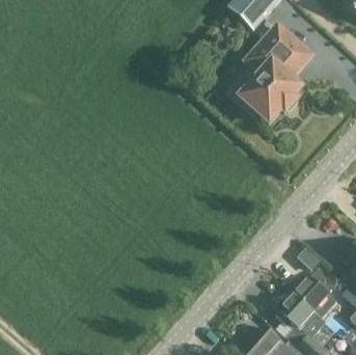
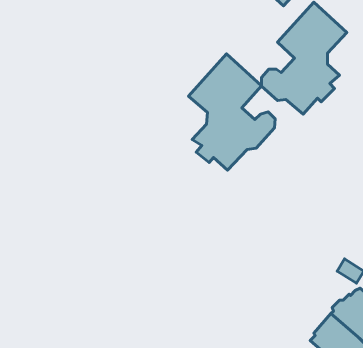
building: none -> [189,54,275,170]

